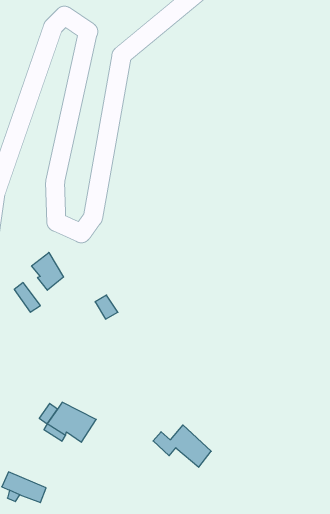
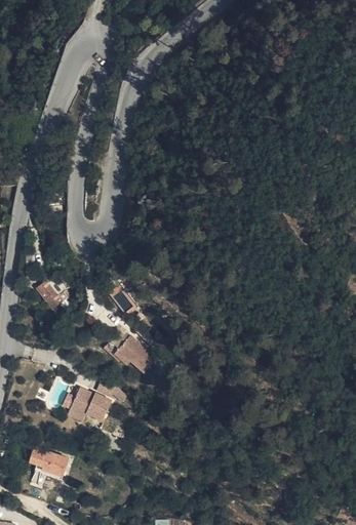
building: [32,252,64,290] -> none
building: [153,425,211,467] -> [104,337,156,375]

